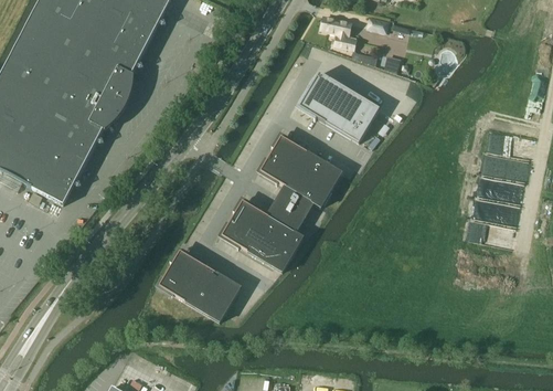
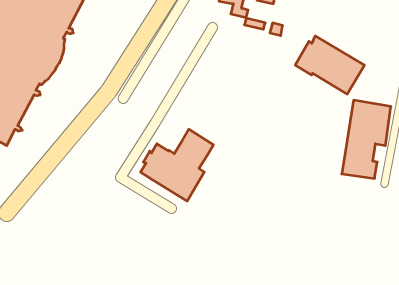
building: [295,71,379,141] -> [295,36,364,94]
building: [263,137,341,205] -> none
building: [155,253,241,320] -> none

